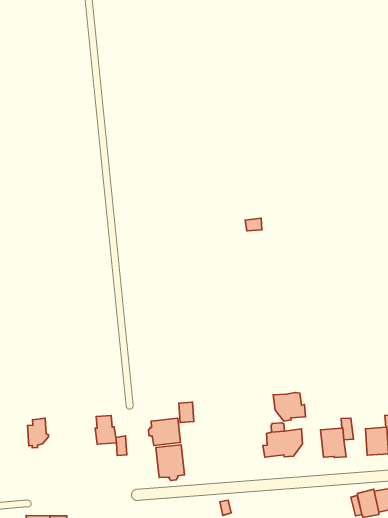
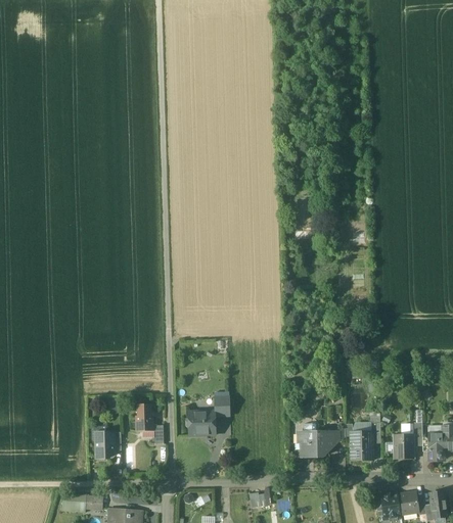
building: [273,393,305,421] -> none
building: [27,418,49,448] -> [96,432,116,460]
building: [156,445,184,481] -> none

